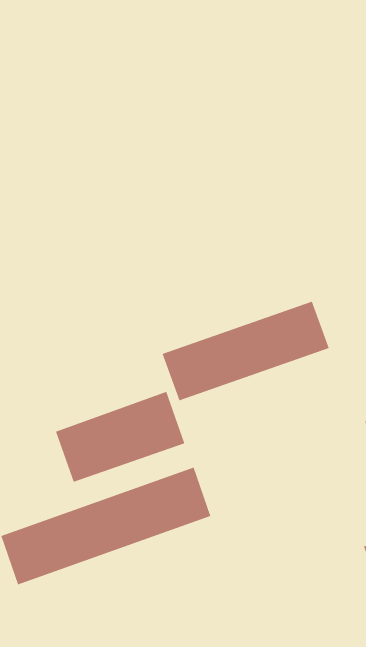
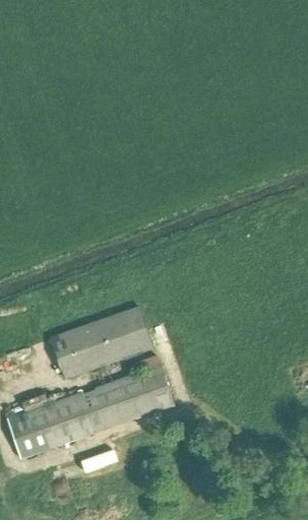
building: [162,301,329,401] -> none

